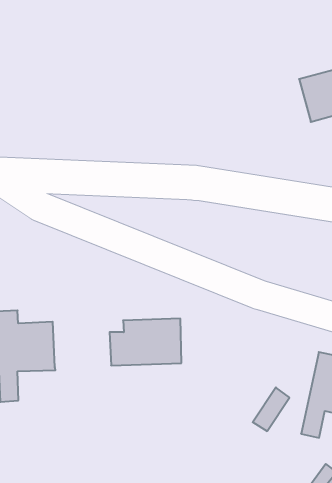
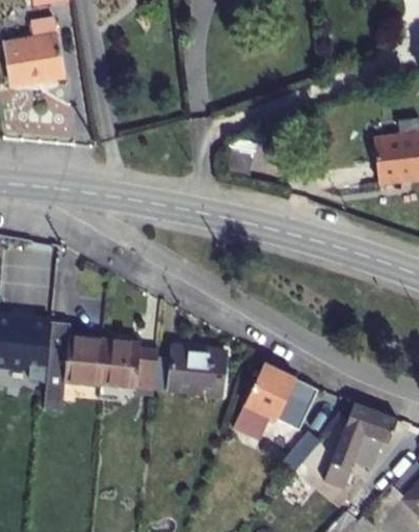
building: none -> [100,338,158,388]
building: none -> [233,363,314,441]

